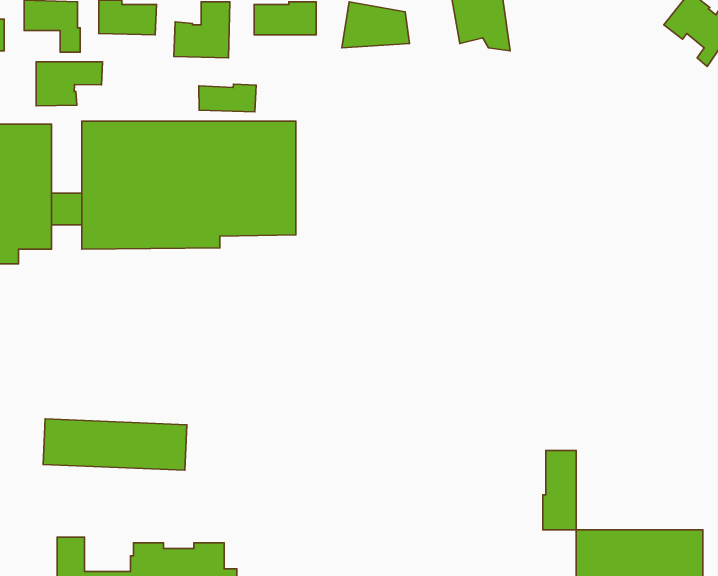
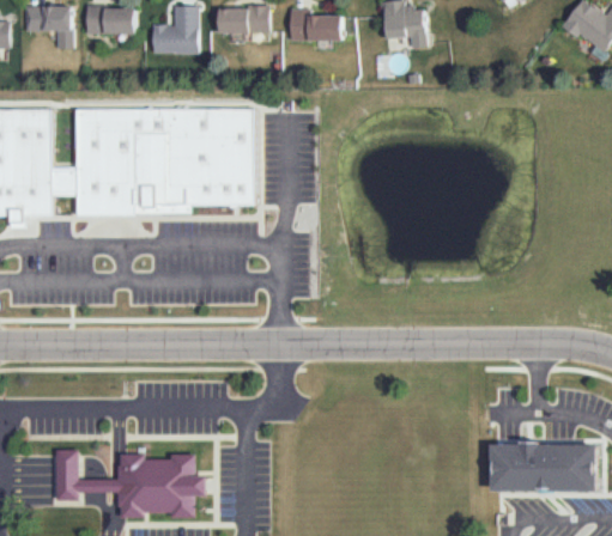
building: [36,62,102,106] -> none
building: [199,84,256,112] -> none
building: [43,419,187,470] -> none
building: [543,450,576,530] -> none

